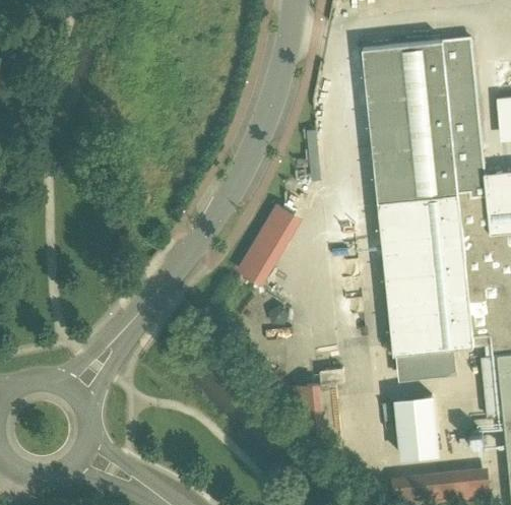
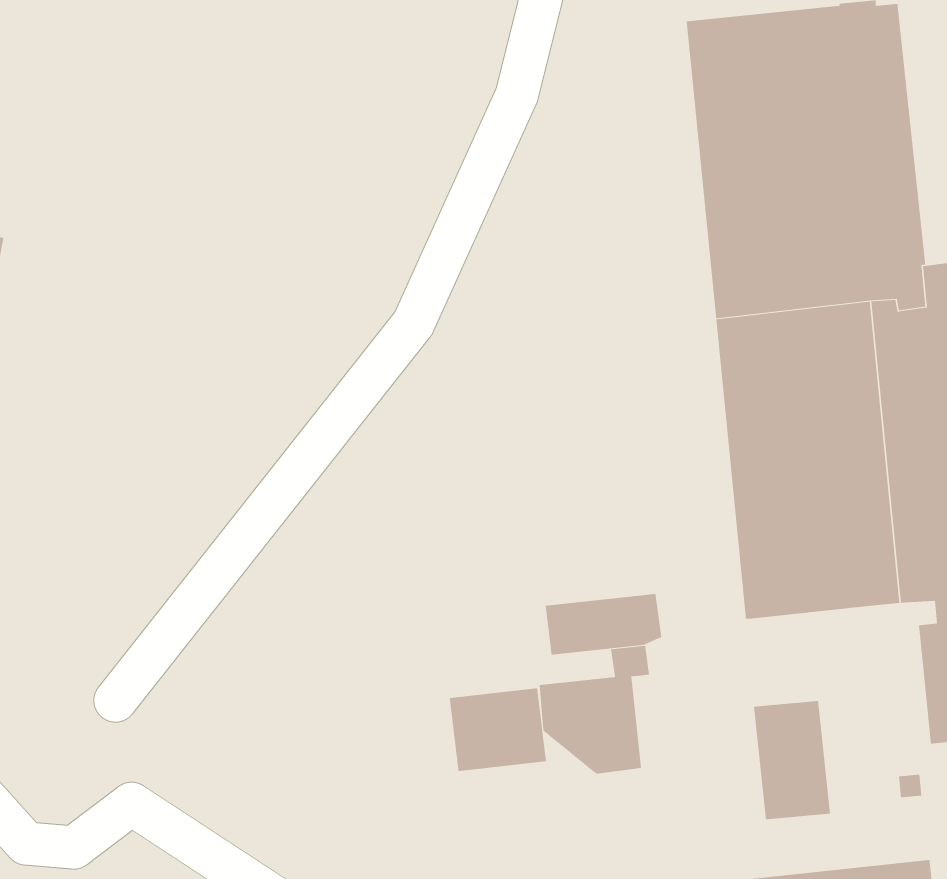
building: [241,206,294,280] -> none
building: [395,349,455,380] -> [545,594,662,655]
building: none -> [449,688,546,772]

